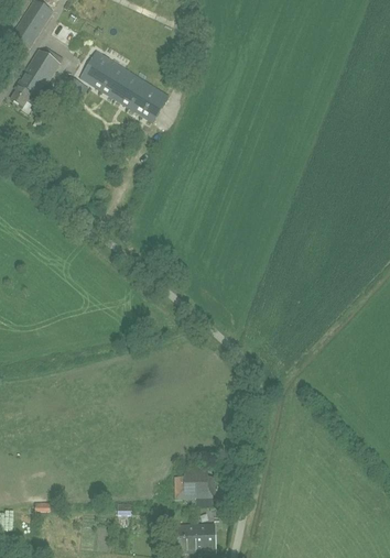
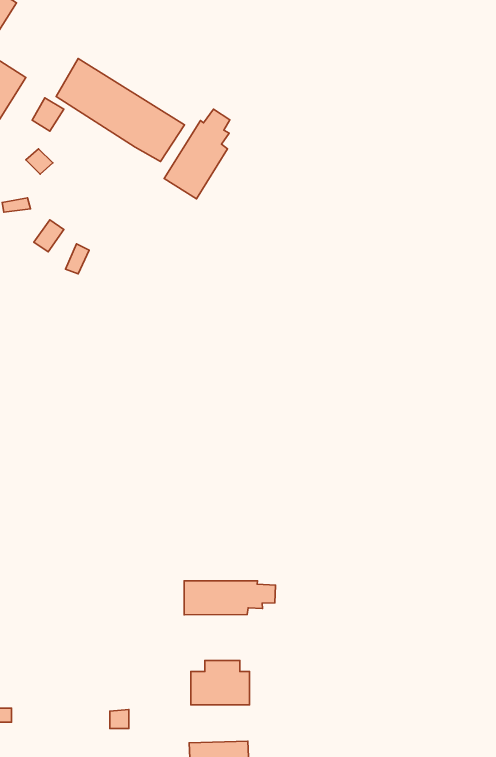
building: none -> [164,109,230,199]
building: none -> [184,581,275,615]

